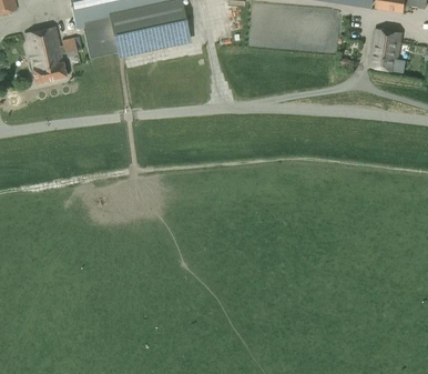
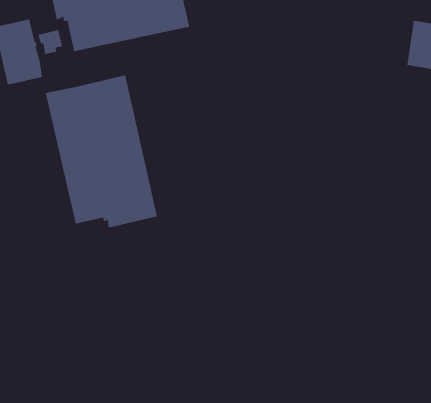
building: none -> [45,74,158,229]

